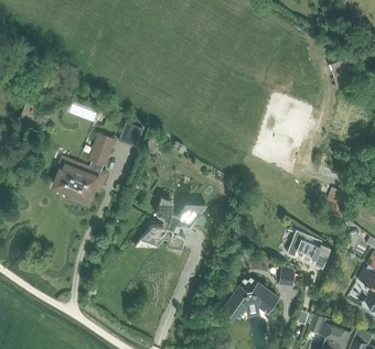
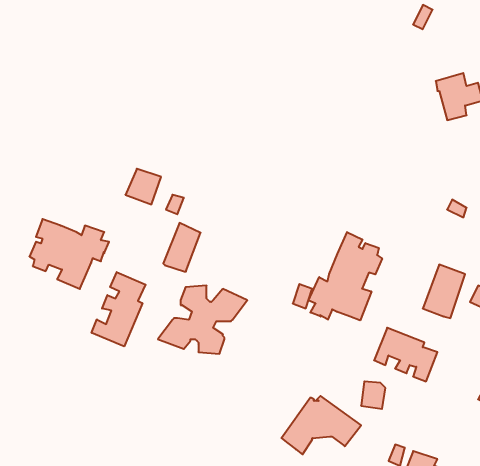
building: [89,133,115,166] -> [163,223,201,272]
building: none -> [308,232,382,320]
building: none -> [92,272,146,346]

